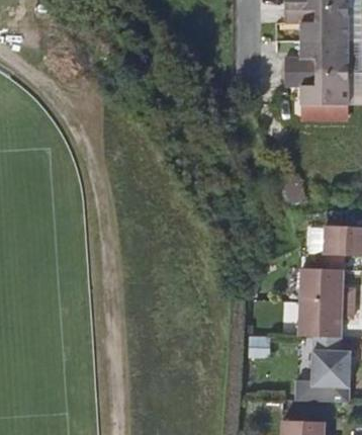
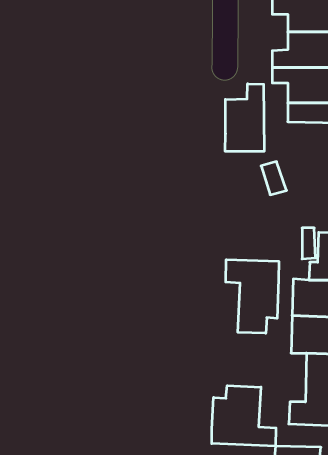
building: none -> [225,84,264,151]
building: none -> [226,260,279,333]
building: none -> [212,386,276,446]

